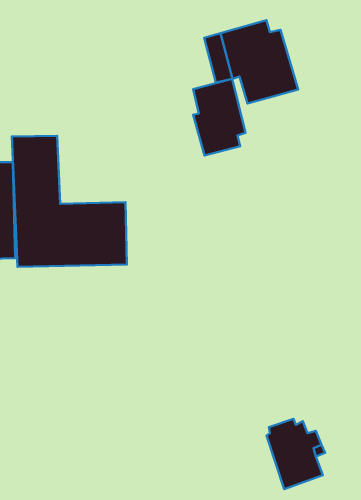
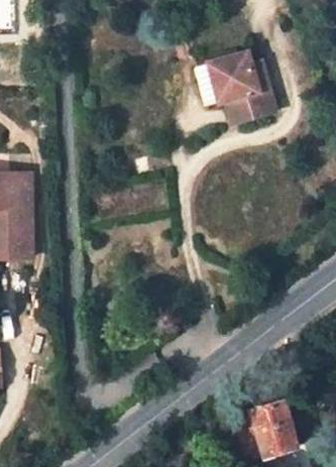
building: [193,79,246,155] -> none
building: [12,136,127,267] -> none

